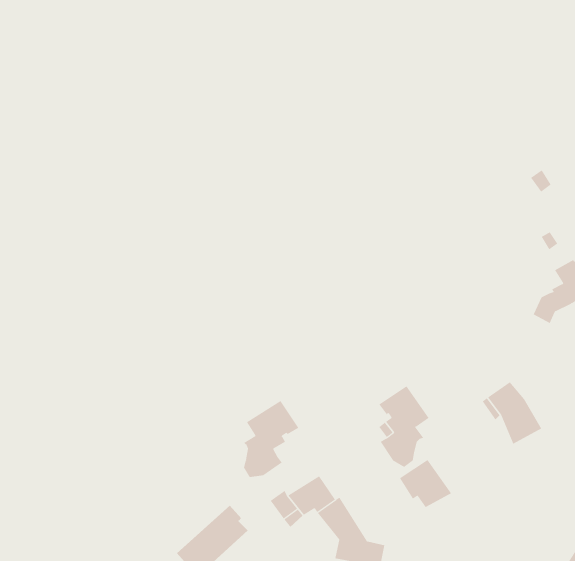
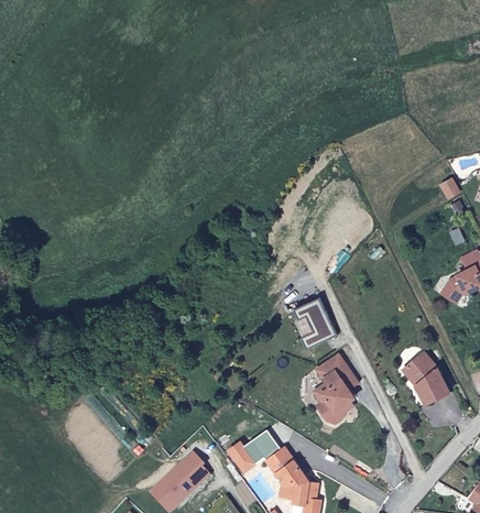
building: none -> [292,296,336,348]
building: [243,400,299,478] -> none
building: [399,459,452,508] -> none

